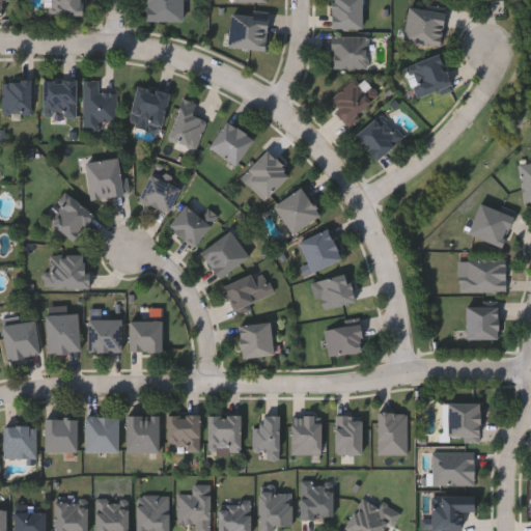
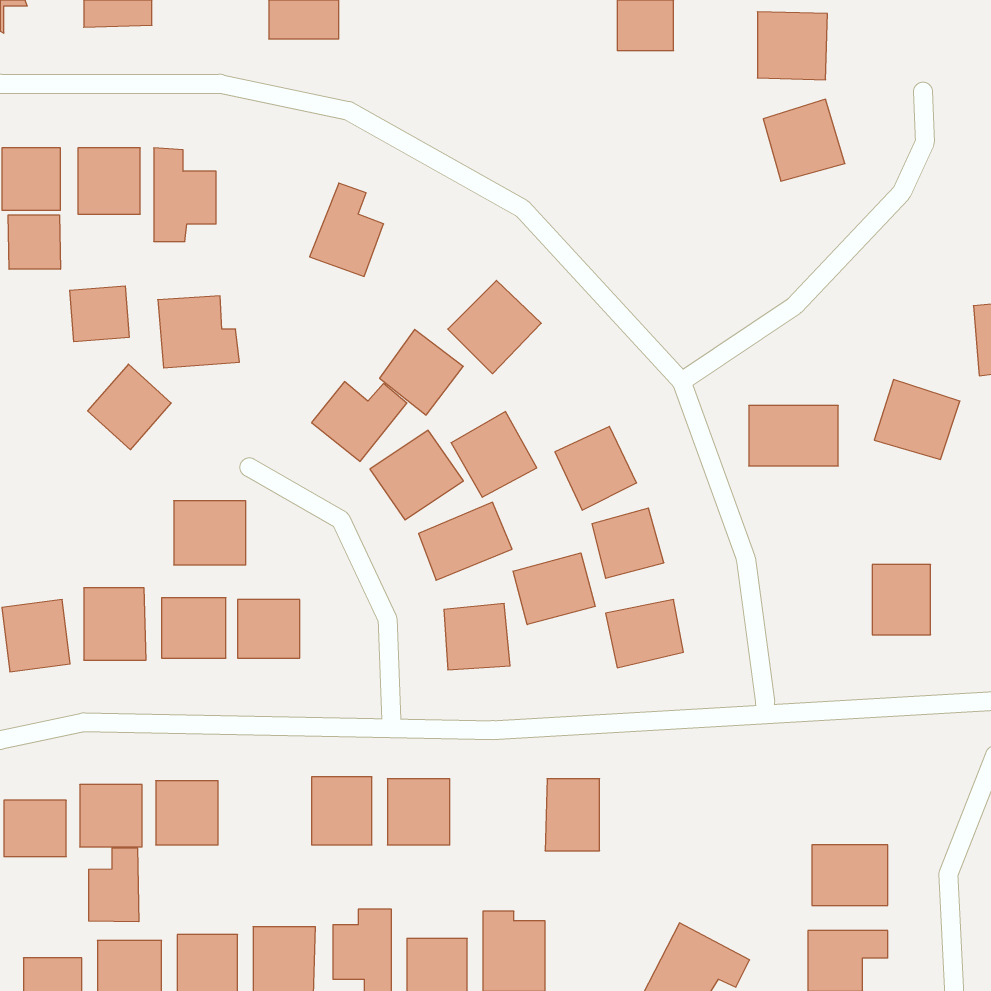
building: [227,15,269,52] -> none
building: [331,36,369,68] -> none
building: [328,76,381,125] -> none
building: [129,86,169,130] -> none
building: [356,113,403,162] -> none
building: none -> [8,215,60,269]
building: [208,121,253,167] -> [380,329,463,415]
building: none -> [70,286,129,342]
building: [140,175,179,213] -> none
building: [274,188,319,233] -> [451,412,537,497]
building: [50,255,88,289] -> [174,501,246,565]
building: [458,260,506,292] -> [749,406,838,466]
building: none -> [513,553,595,625]
building: [447,403,480,441] -> none
building: [379,413,408,455] -> none
building: [336,416,361,454] -> none
building: [127,417,160,454] -> none
building: [254,417,279,458] -> none
building: none -> [89,848,139,922]
building: [302,484,333,519] -> none

